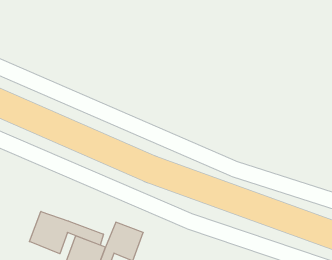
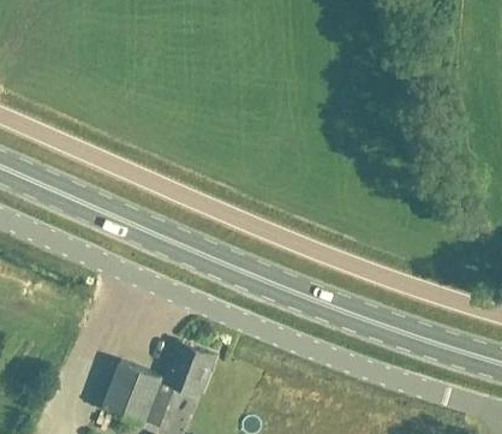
building: [29,211,103,254] -> none

